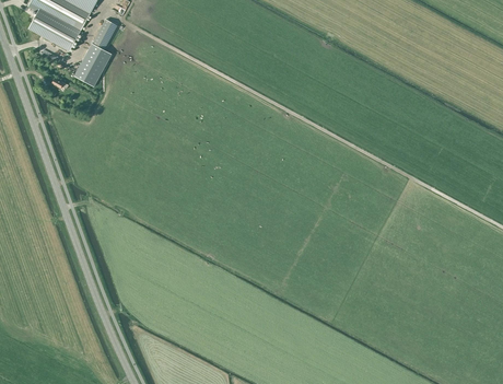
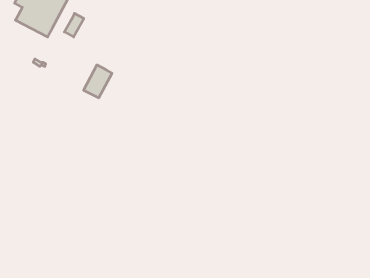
building: [74,44,112,86] -> [84,65,112,98]

